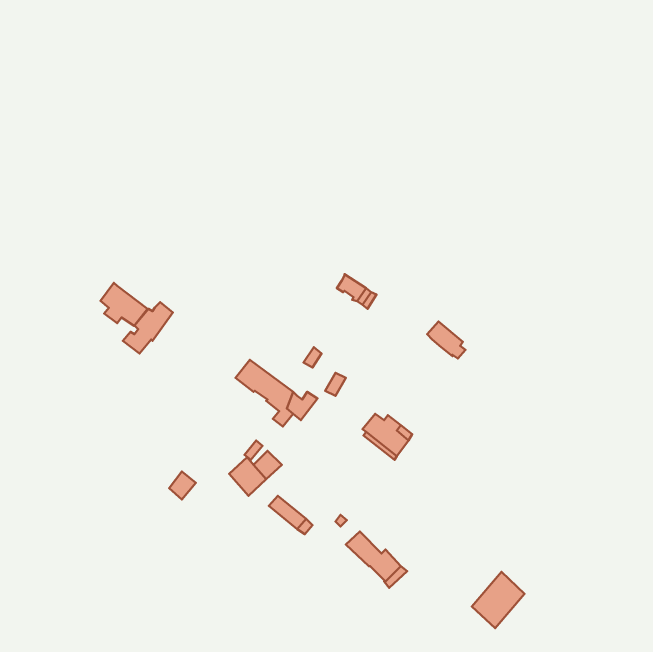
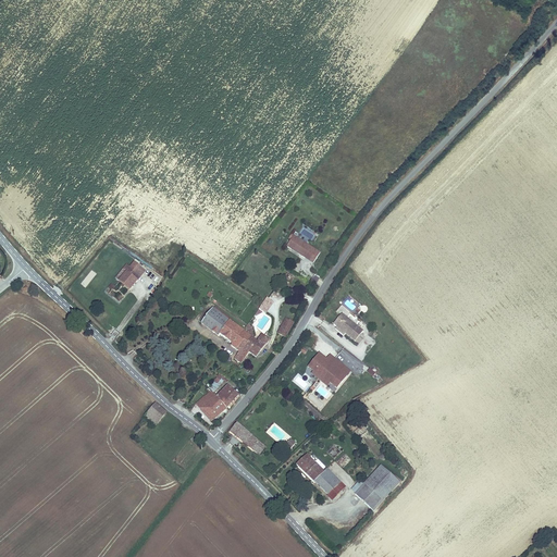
building: [101,283,148,326] -> none
building: [427,322,465,359] -> [332,311,364,343]
building: [472,572,524,628] -> [355,462,399,510]

